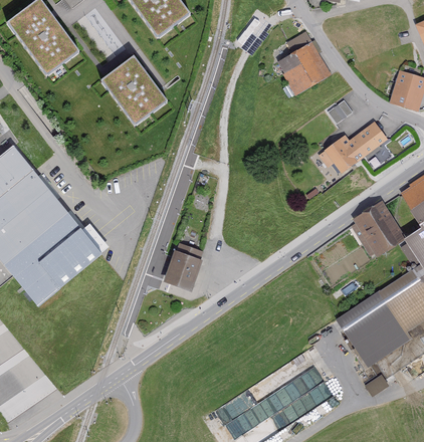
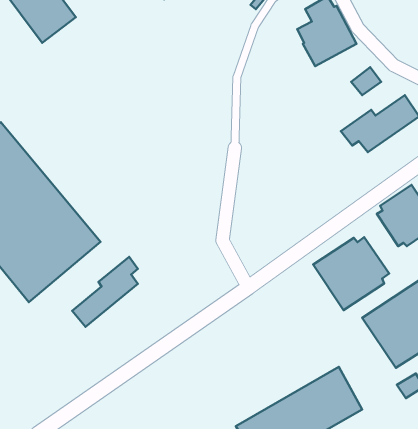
building: [102,56,168,126] -> none
building: [169,245,199,286] -> none
building: none -> [313,237,389,310]
building: none -> [72,257,138,327]

